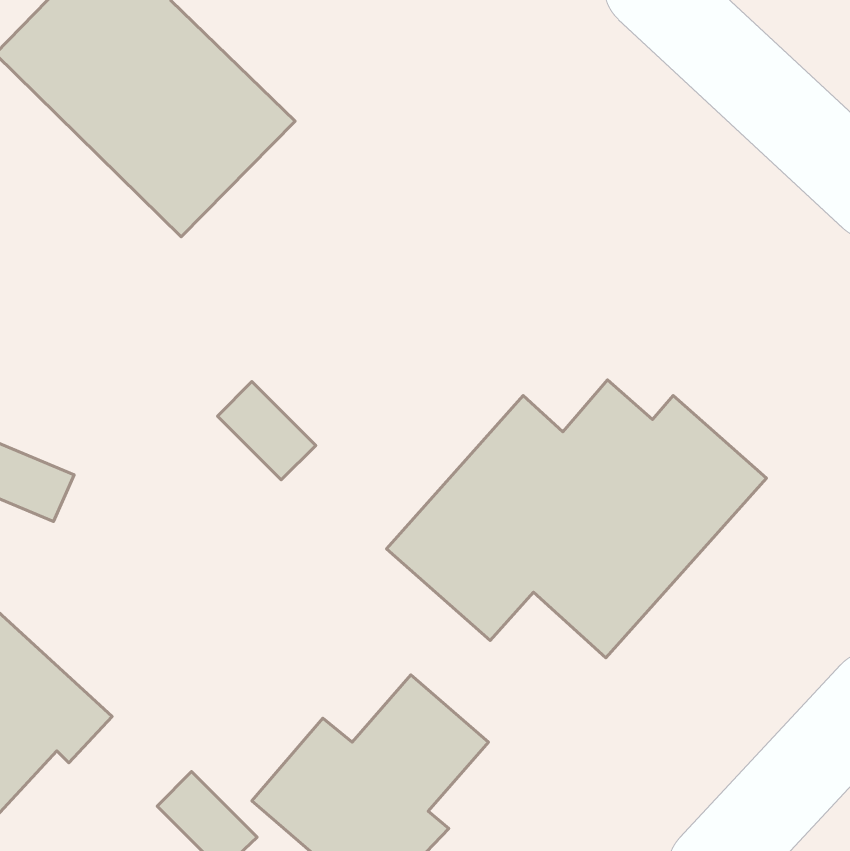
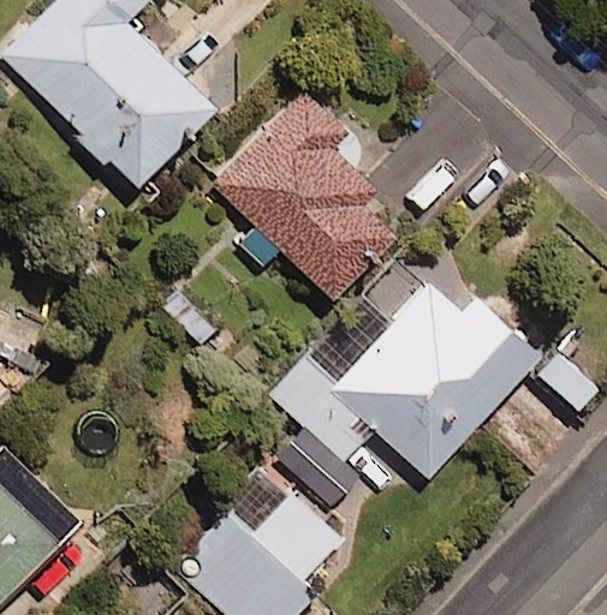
building: none -> [214,89,393,295]

